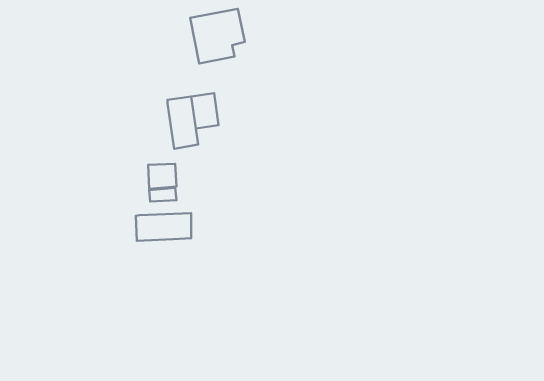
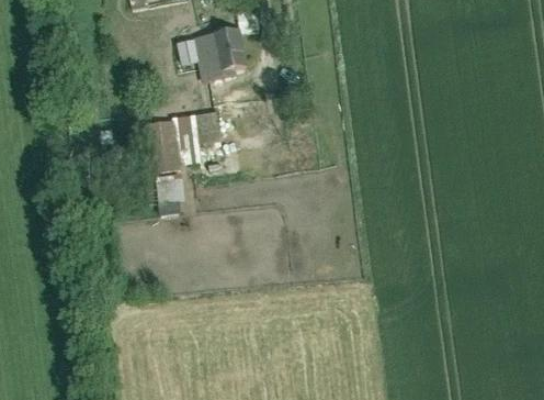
building: none -> [145,121,178,171]
building: [136,213,191,241] -> none

